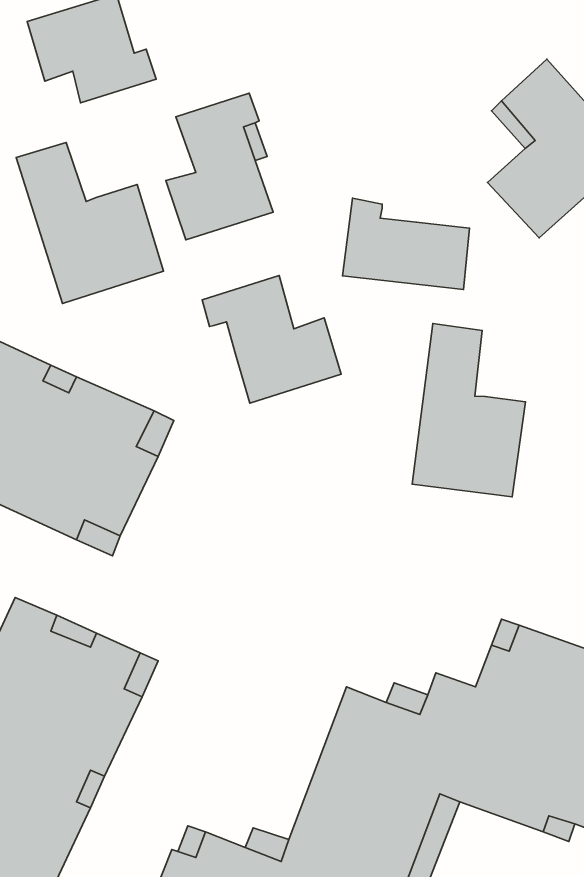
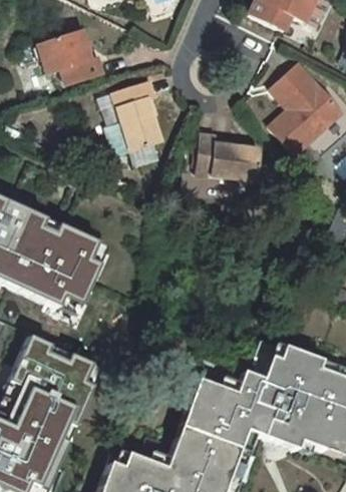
building: [16,142,164,304] -> none
building: [202,276,341,403] -> none
building: [412,323,525,497] -> none

